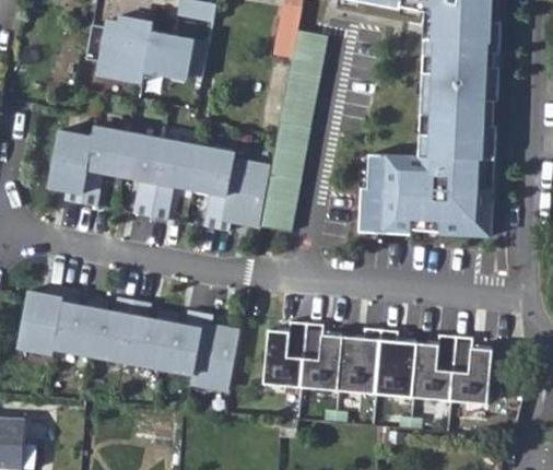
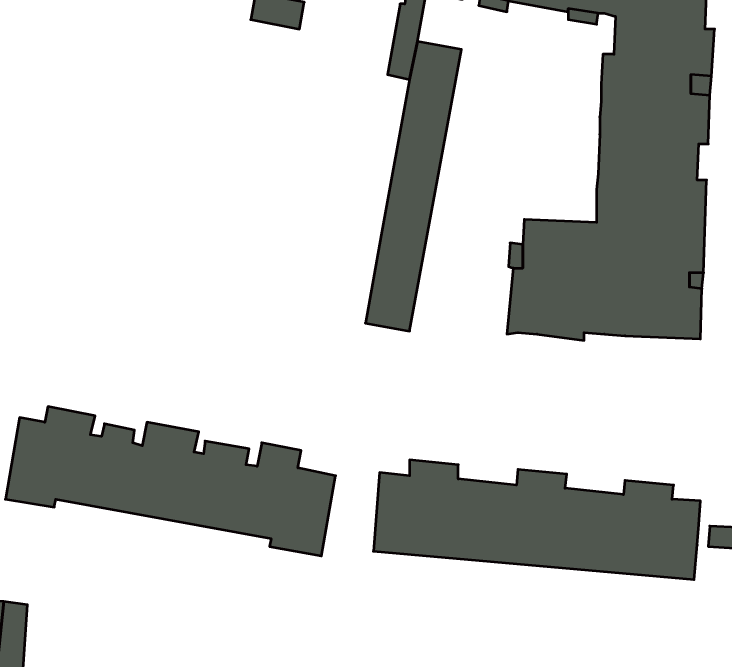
building: [86,22,210,83] -> none
building: [47,125,271,232] -> none

